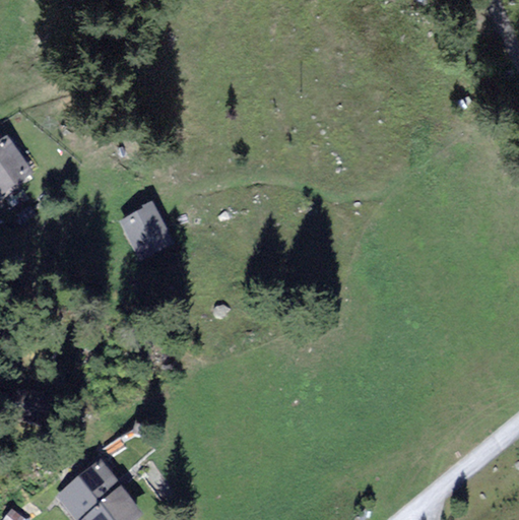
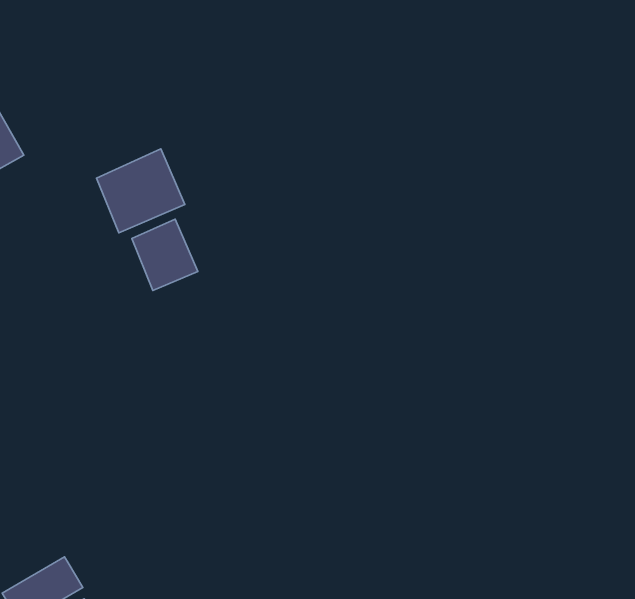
building: none -> [97,149,185,233]

